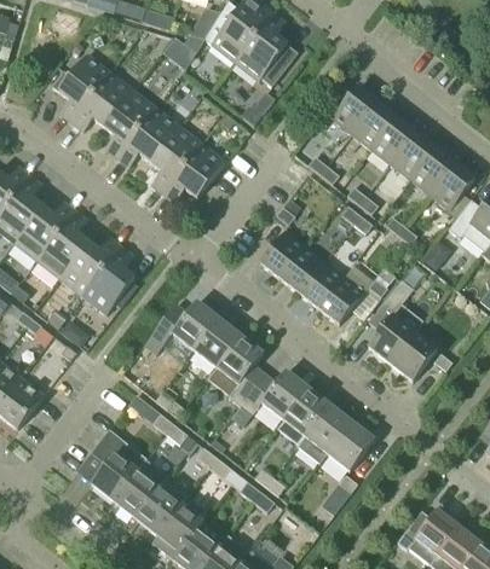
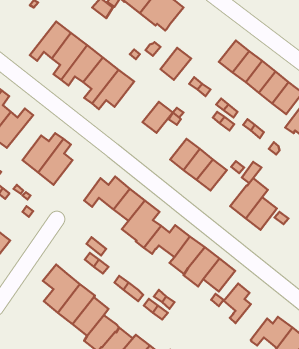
building: [52,56,110,123] -> none
building: [330,86,375,133] -> [161,48,191,80]
building: [38,211,88,278] -> none
building: [258,231,302,277] -> [143,102,173,133]
building: none -> [224,284,251,323]

